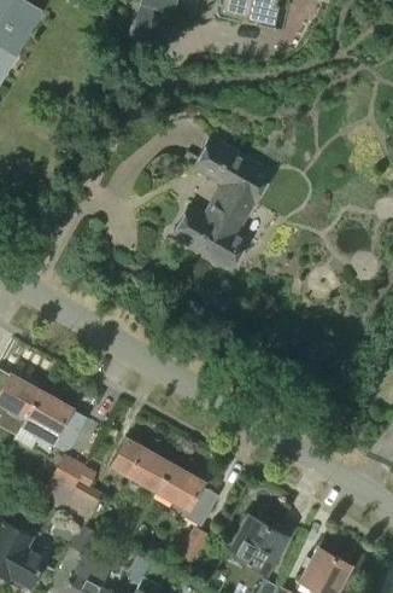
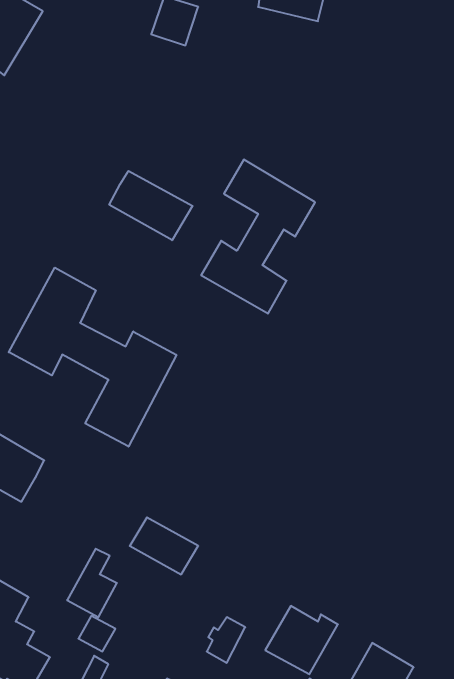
building: none -> [109,171,193,240]
building: none -> [9,268,176,447]
building: [22,393,87,450] -> none
building: [41,457,84,511] -> none
building: [157,465,216,525] -> none

